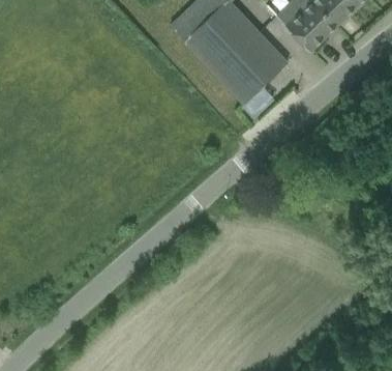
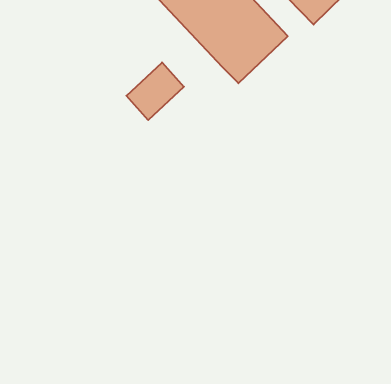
building: none -> [126,62,184,120]

